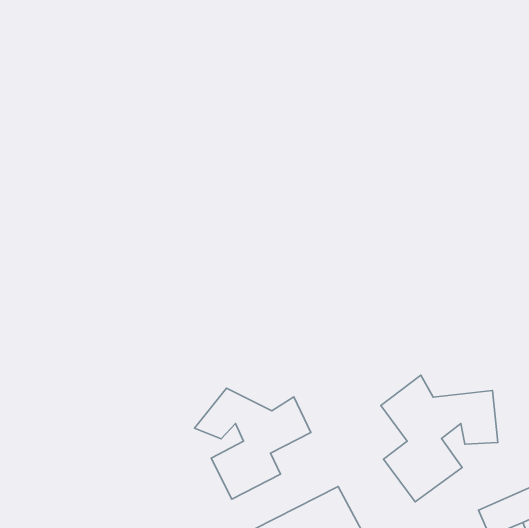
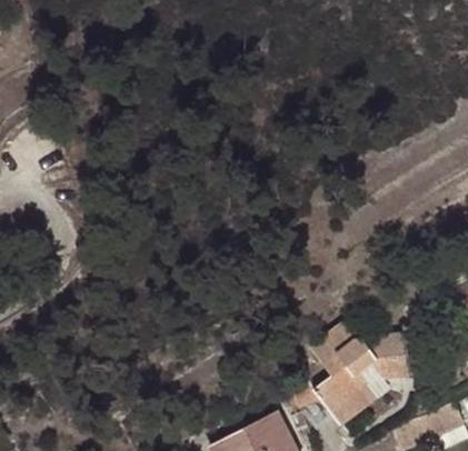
building: [194,388,311,499] -> none

